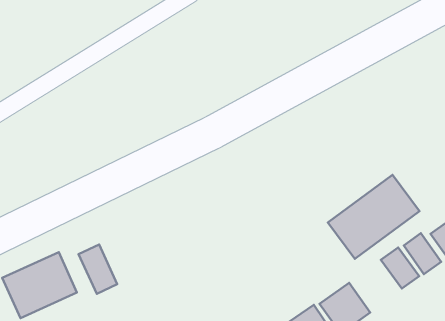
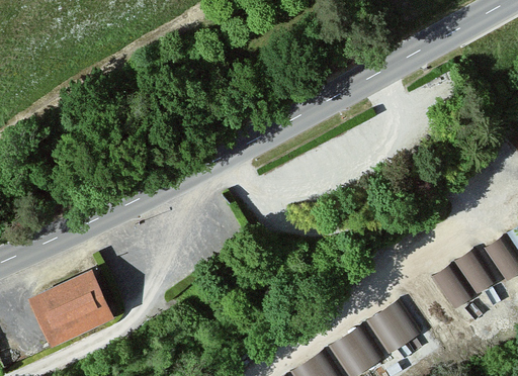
building: [328,175,420,259] -> none
building: [79,244,117,294] -> none

